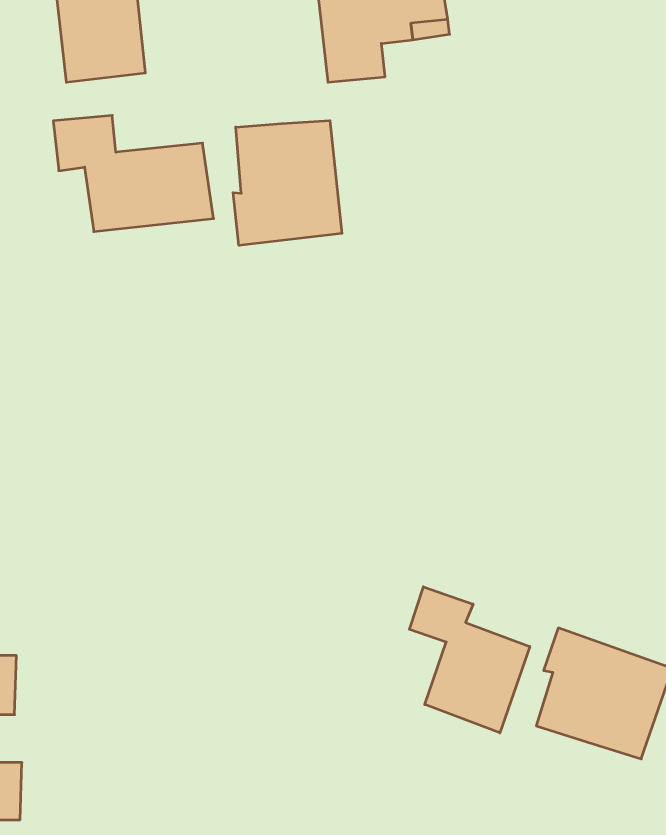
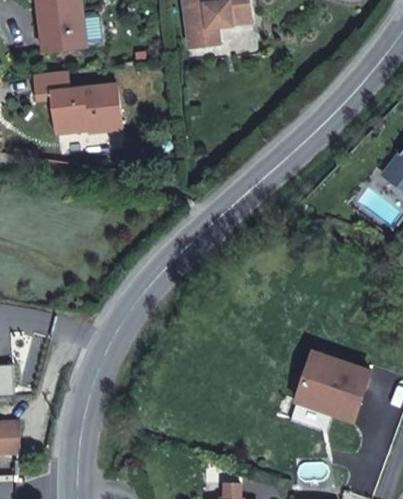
building: [233,121,342,245] -> none
building: [409,587,530,733] -> none

